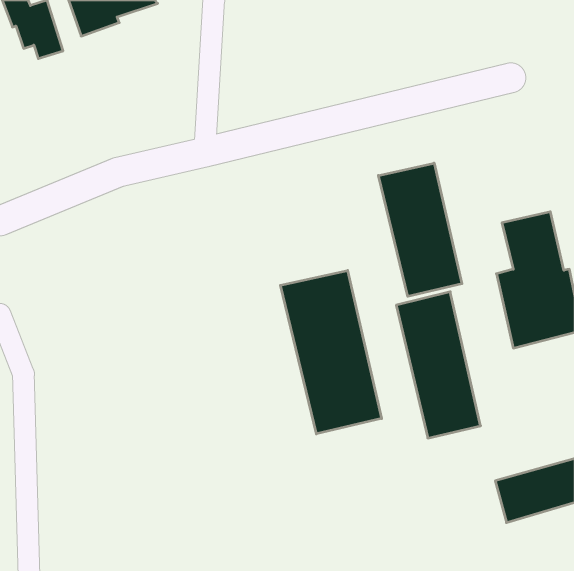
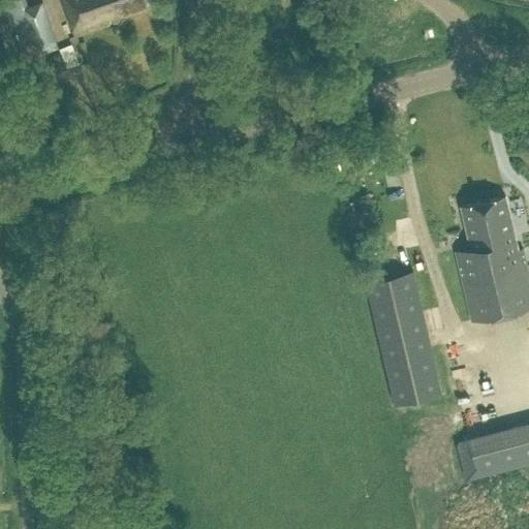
building: [378,163,462,296] -> none
building: [280,270,382,434] -> none

